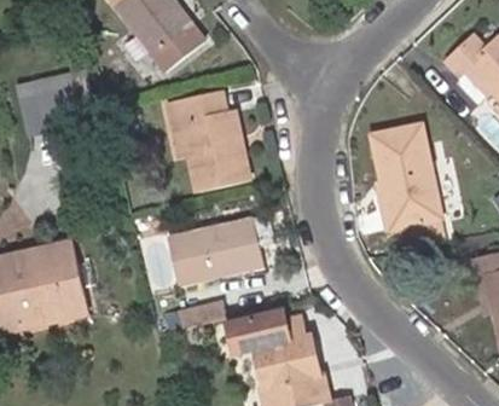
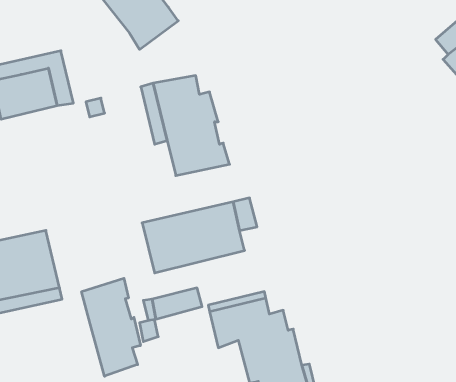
building: [373,126,446,251] -> none
building: none -> [82,278,140,376]

